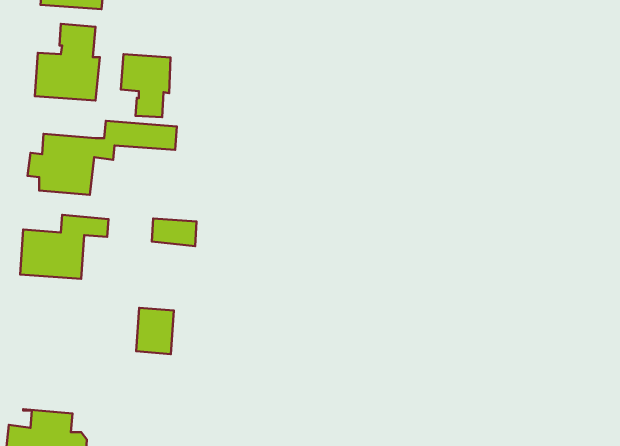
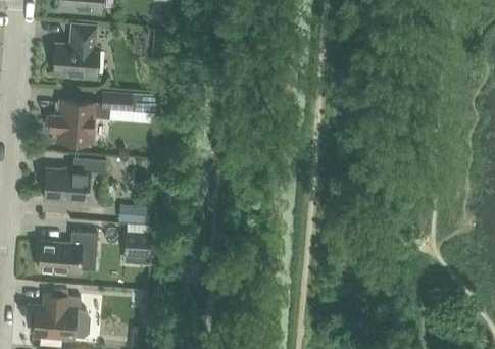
building: [121,54,171,117] -> none
building: [152,218,197,246] -> [118,204,150,223]
building: none -> [38,232,97,273]

